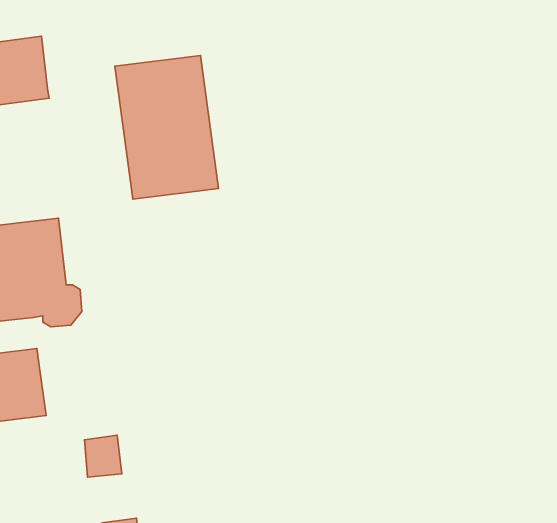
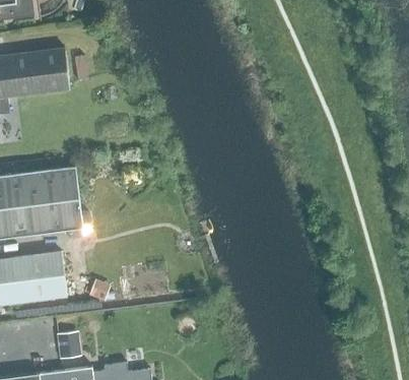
building: [115,55,218,199] -> none
building: [84,435,122,477] -> [57,331,81,359]

